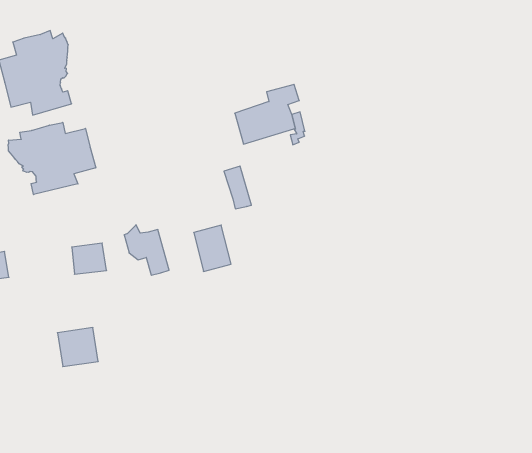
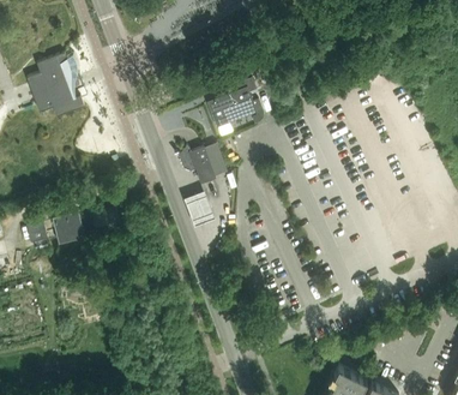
building: [8,122,96,195] -> none
building: [124,225,169,275] -> [180,146,216,184]
building: [57,328,98,367] -> [54,214,86,245]

